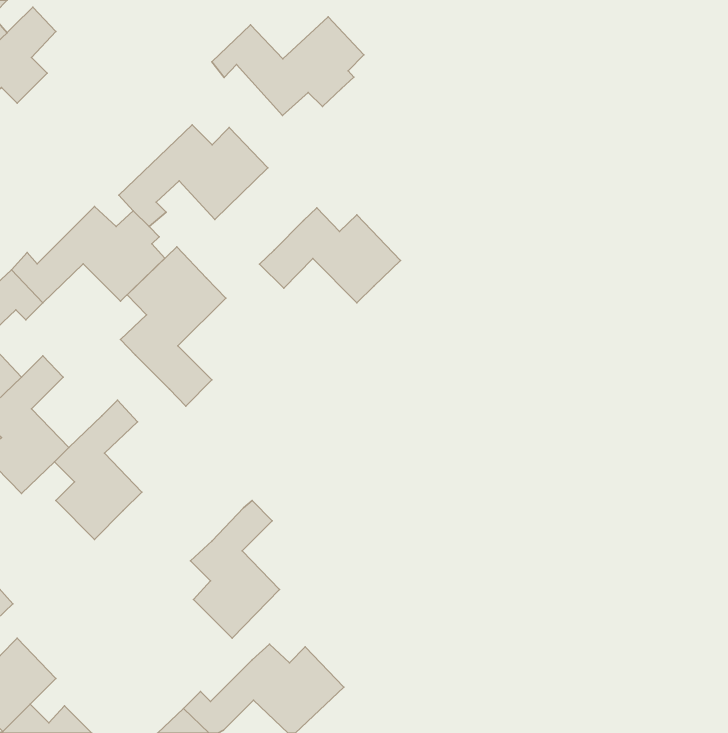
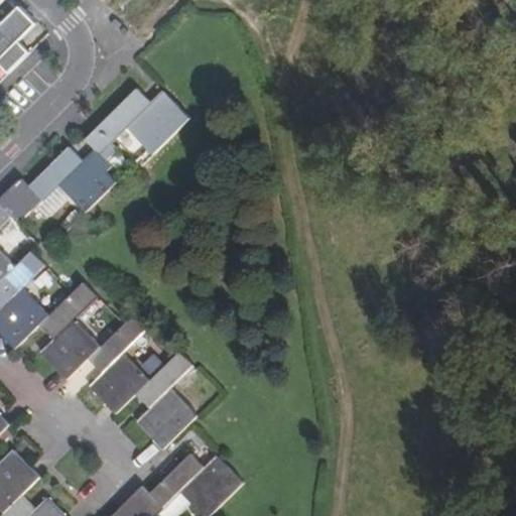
building: [212,17,364,115] -> none
building: [260,208,401,303] -> none
building: [121,247,226,406] -> none
building: none -> [87,314,149,413]

